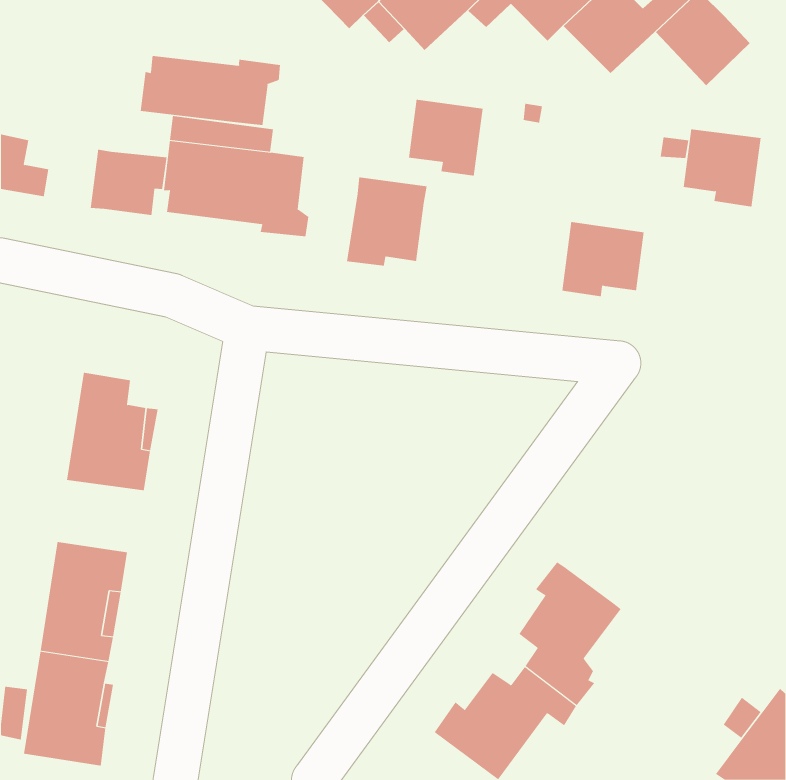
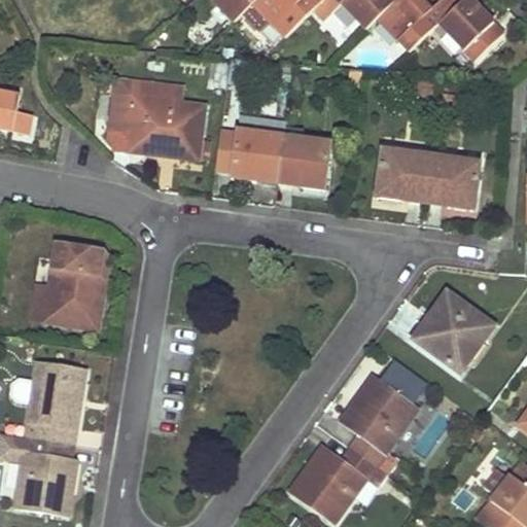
building: [140,55,280,126] -> none
building: [408,99,484,176] -> [279,136,329,187]
building: [683,129,761,207] -> [426,155,479,208]
building: [90,149,167,216] -> none
building: none -> [414,290,493,372]
building: none -> [379,362,424,403]

